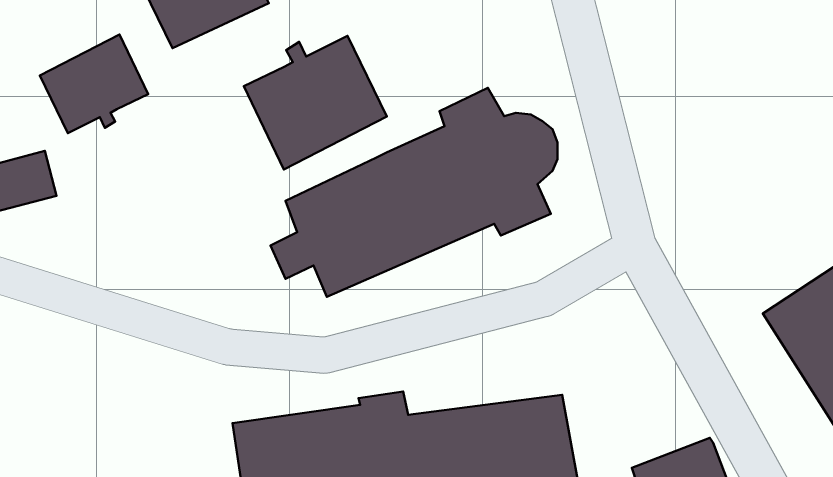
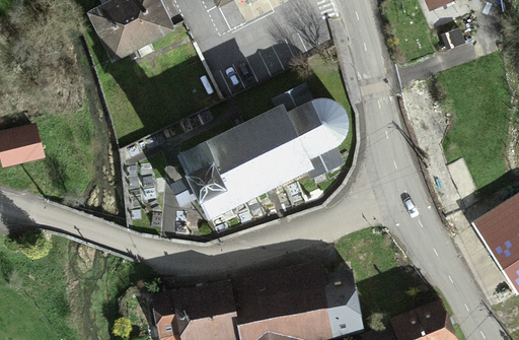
building: [40,35,148,133] -> none
building: [244,36,387,169] -> none

